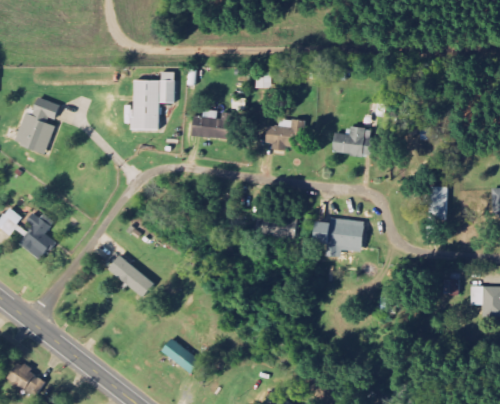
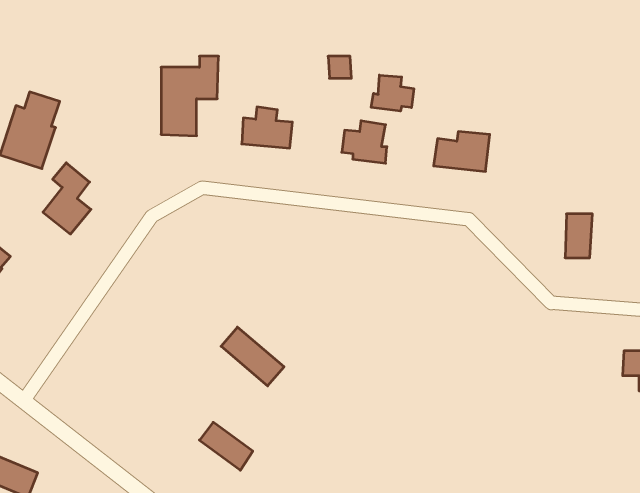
building: none -> [371,75,414,111]
building: [19,208,54,260] -> [43,163,91,234]
building: [254,215,296,239] -> none
building: [312,218,364,258] -> none
building: [107,255,153,298] -> [221,327,284,386]

